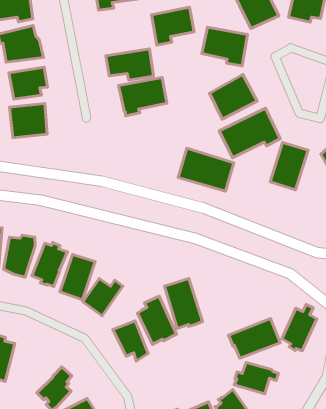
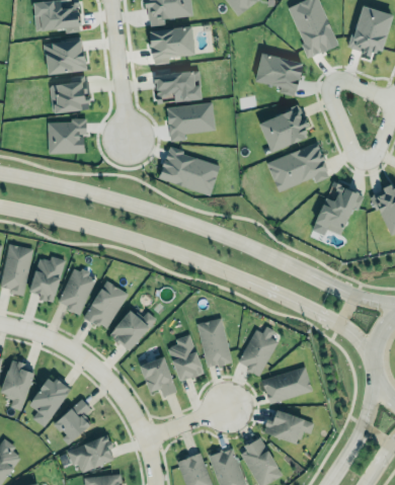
building: [152,7,194,45] -> [149,26,192,64]
building: [178,148,234,191] -> [158,147,218,195]
building: [282,304,317,351] -> [239,326,278,375]
building: none -> [29,379,69,426]

